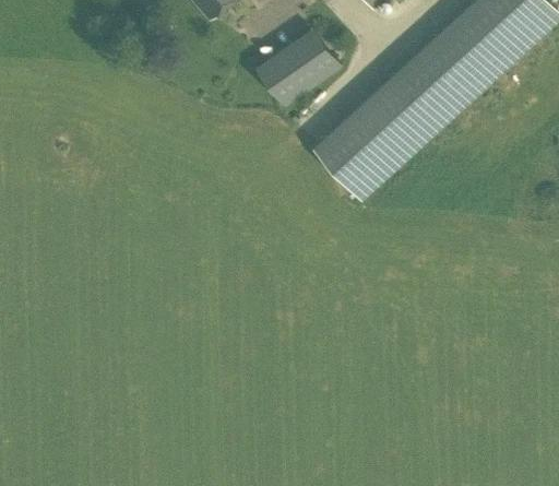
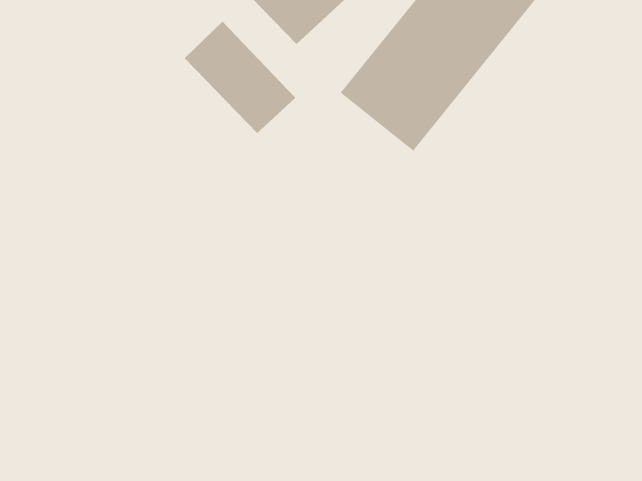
building: none -> [184,21,296,134]

